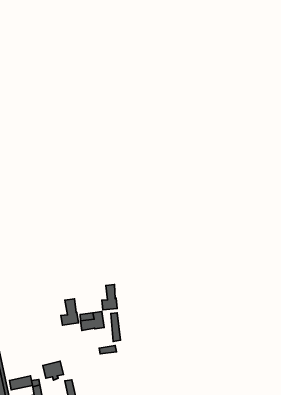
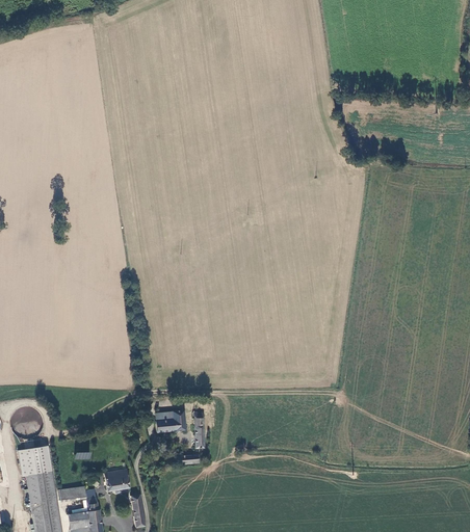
building: [102,285,117,310] -> none
building: [61,299,79,325] -> none

